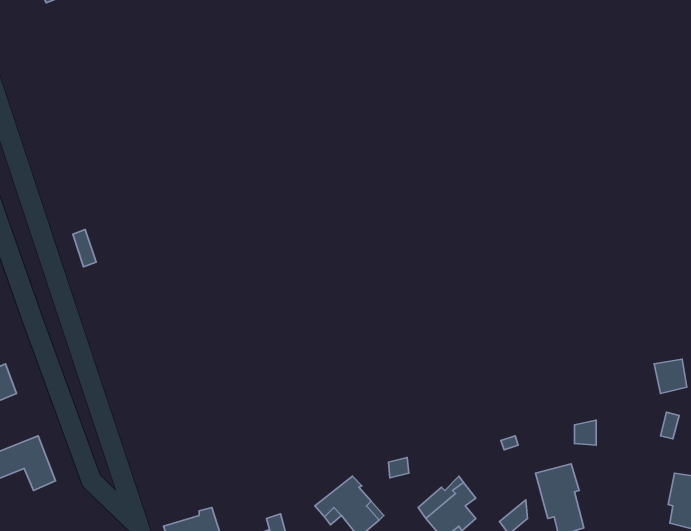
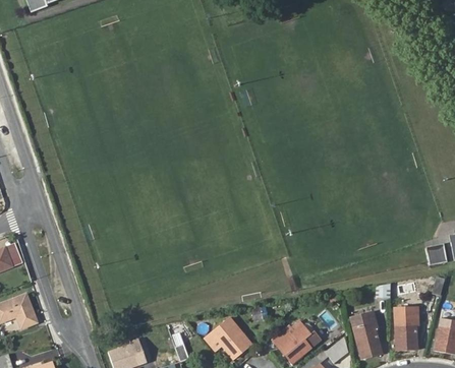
building: none -> [395,316,419,350]

